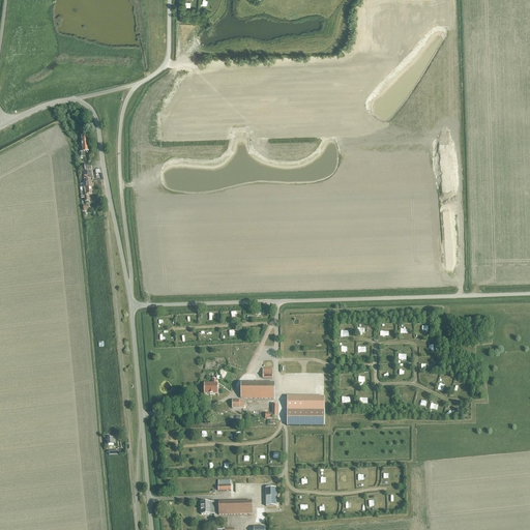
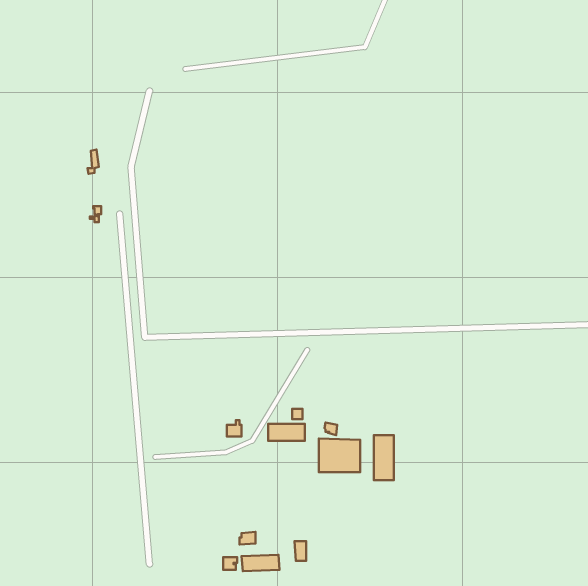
building: none -> [374,435,394,480]

